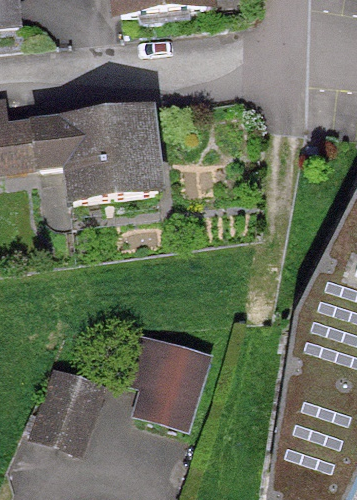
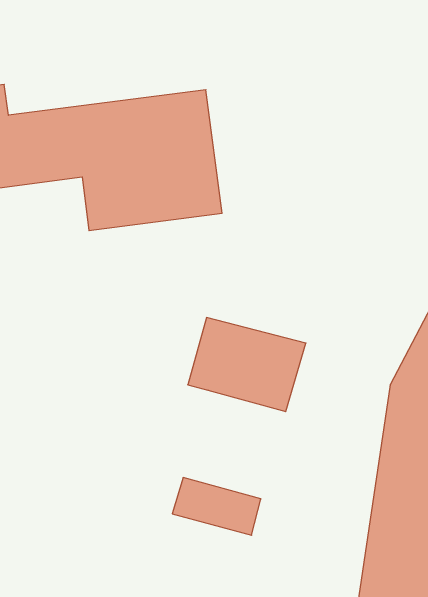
building: [123,334,211,404] -> [188,318,306,412]
building: [27,366,104,456] -> none

